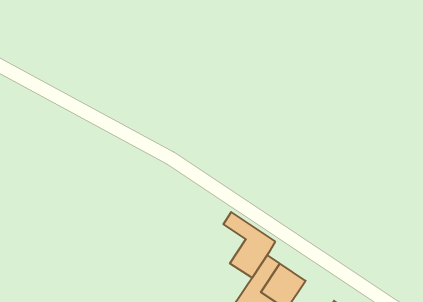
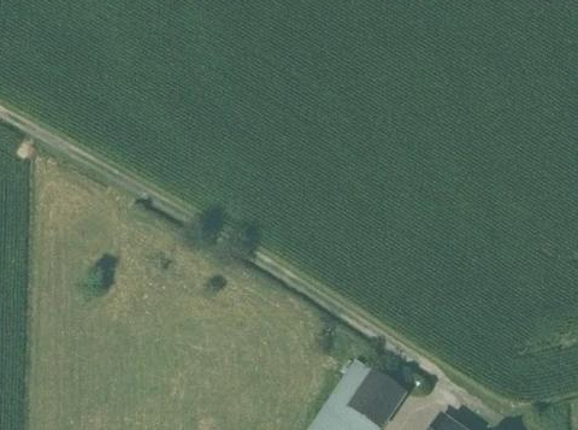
building: [223,212,275,278] -> none

